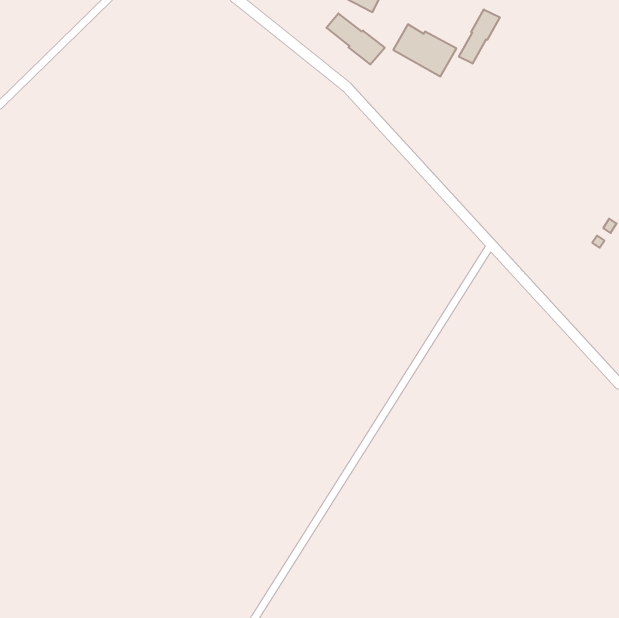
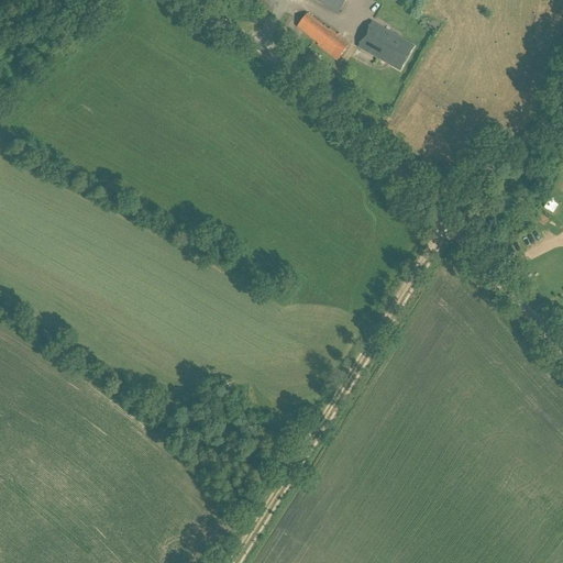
building: [459,9,500,64] -> none

